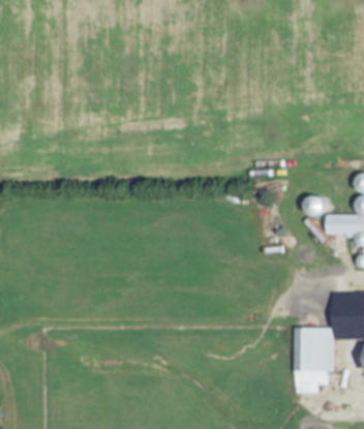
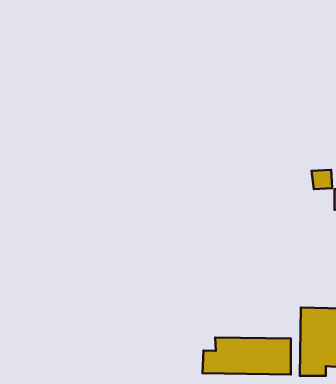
building: none -> [202,337,291,375]

